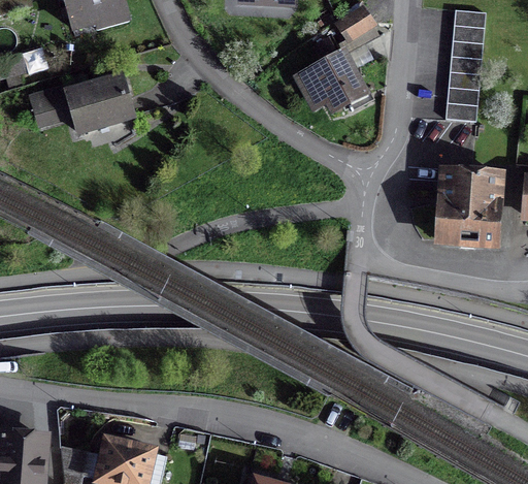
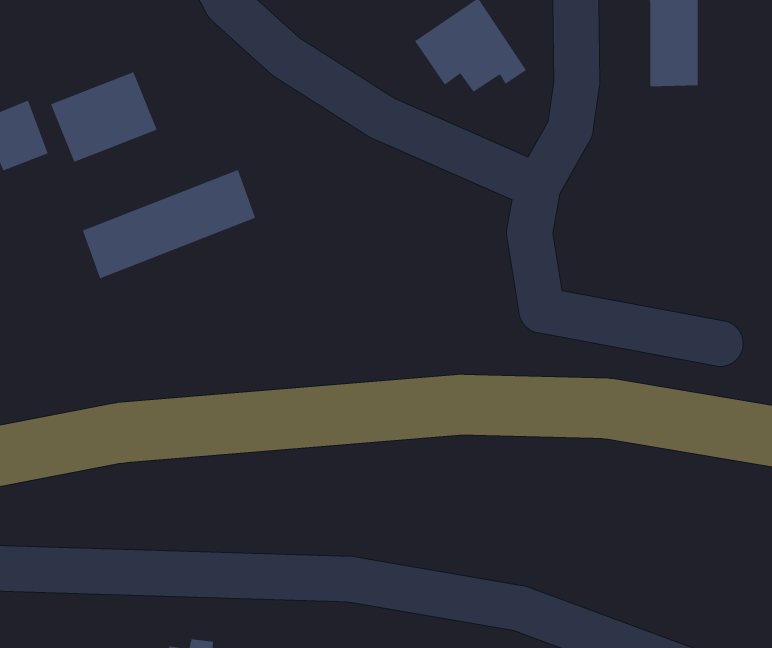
building: none -> [82,169,256,279]
building: [438,166,499,244] -> none

